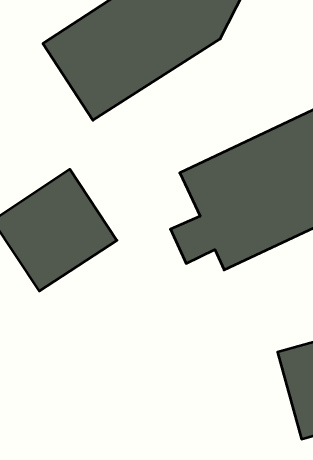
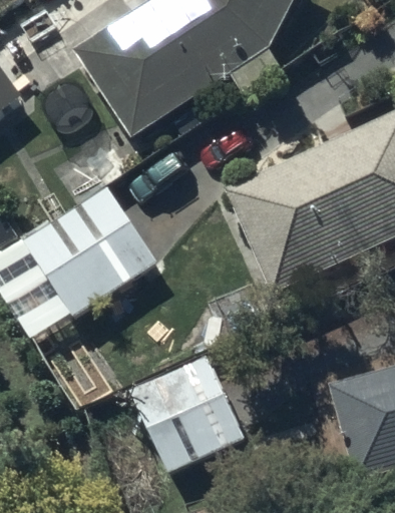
building: none -> [129,355,246,472]

